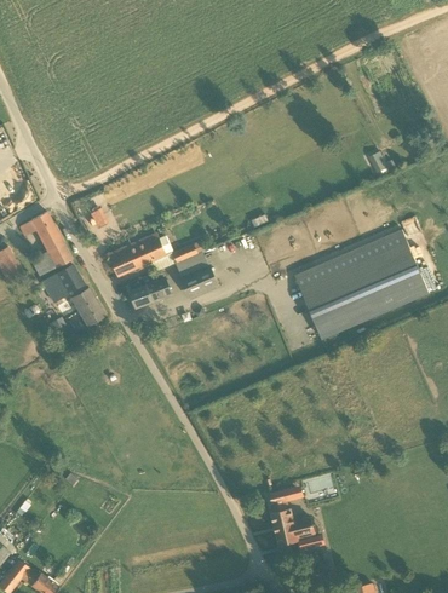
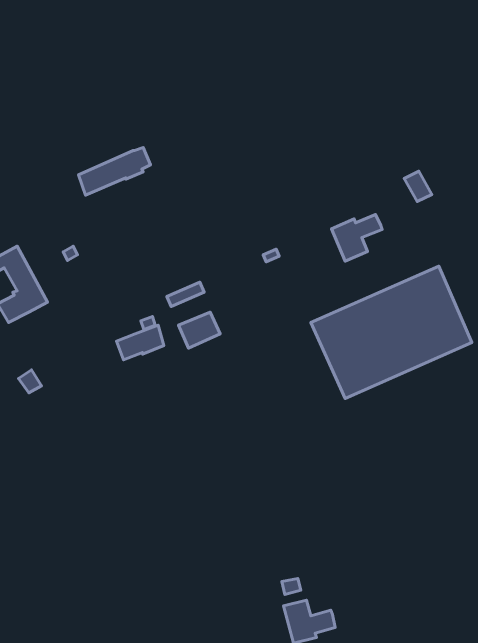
building: none -> [332,215,382,261]
building: [113,236,173,276] -> [78,148,150,195]
building: [42,265,105,327] -> none

